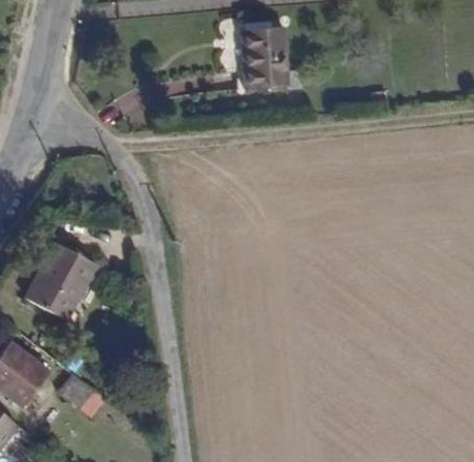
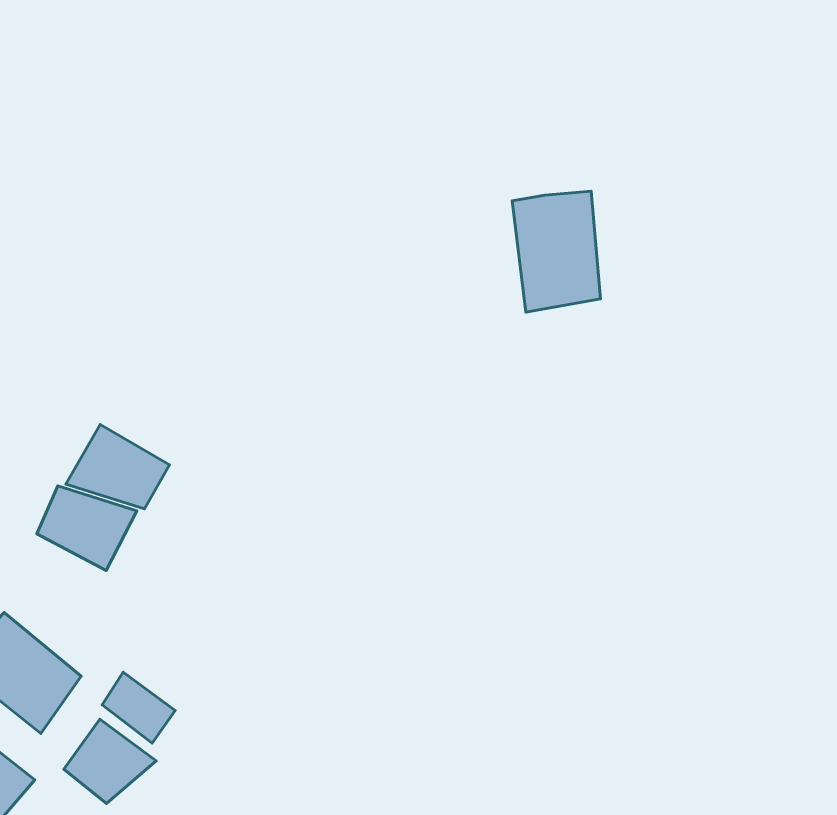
building: [240,27,287,92] -> [512,191,601,312]
building: none -> [64,719,156,804]

